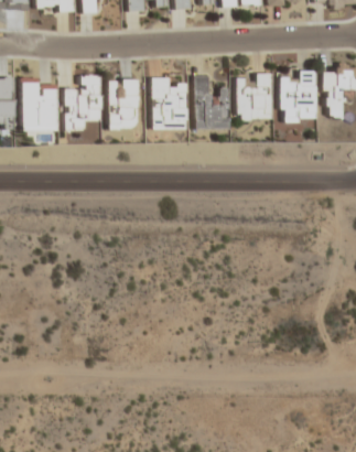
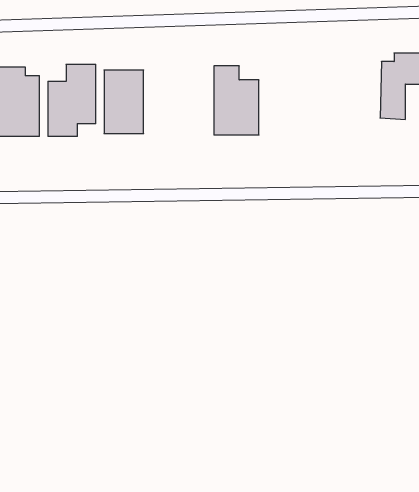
building: [281,69,316,121] -> none
building: [238,72,272,119] -> none
building: [151,76,186,129] -> none

